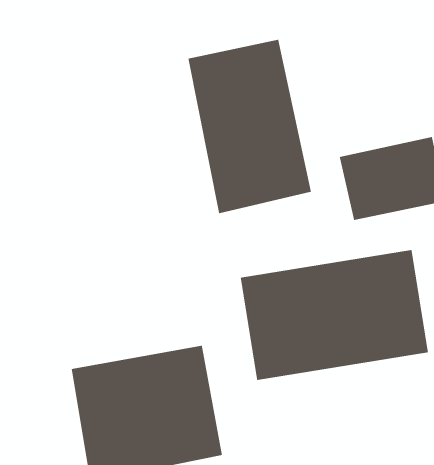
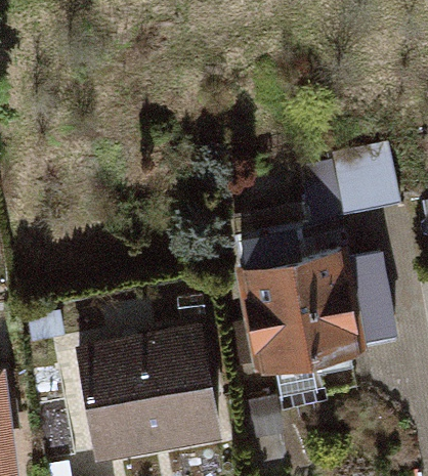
building: [187,39,312,214] -> none

